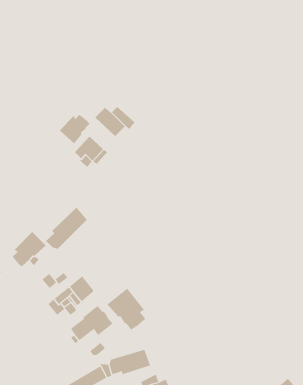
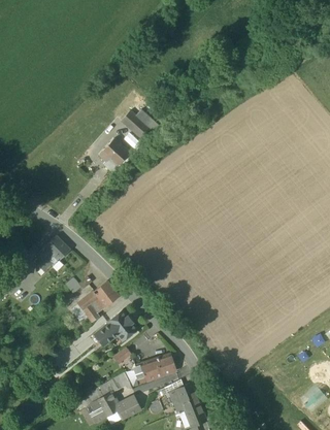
building: [59,114,90,144] -> none
building: [45,207,87,249] -> none
building: [107,288,146,330] -> none

